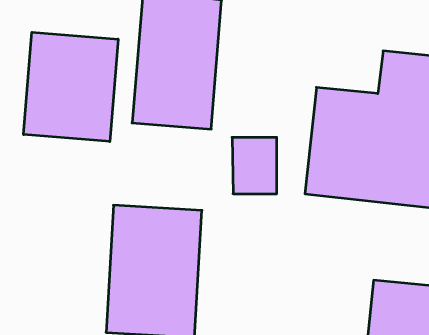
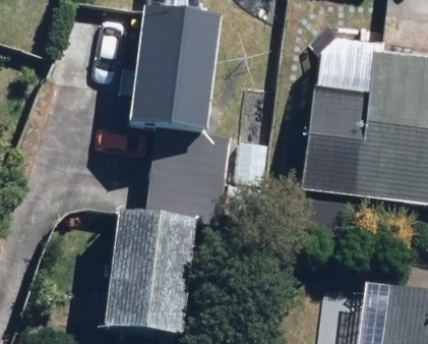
building: [24,32,118,142] -> none

